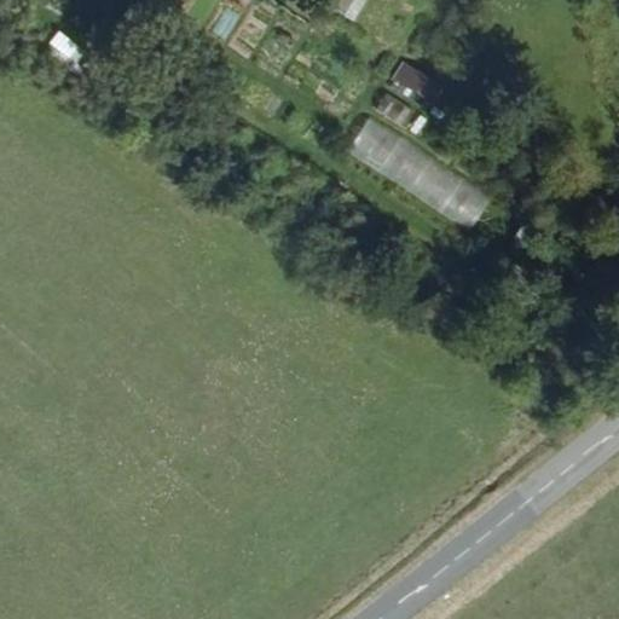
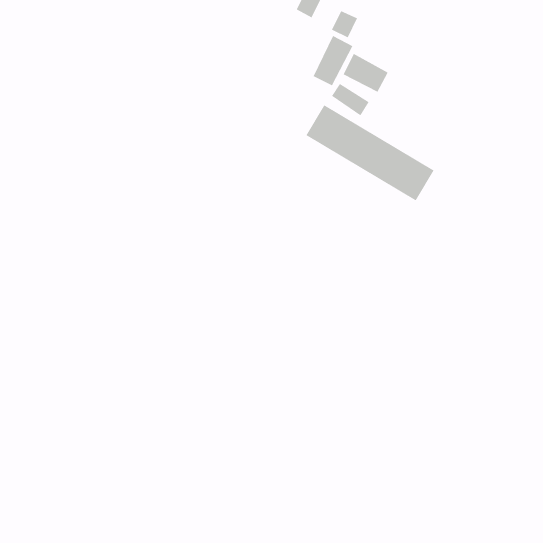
building: none -> [313,35,353,86]

